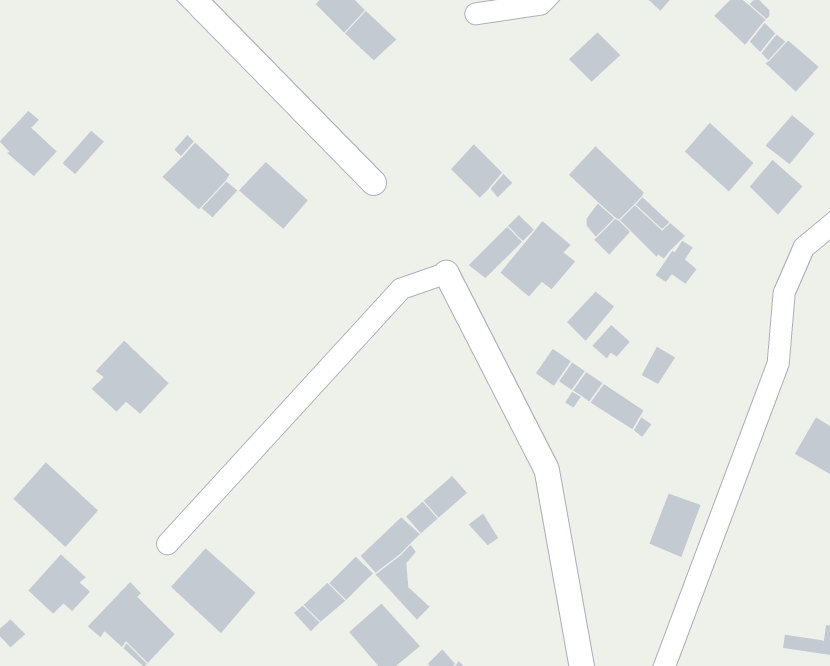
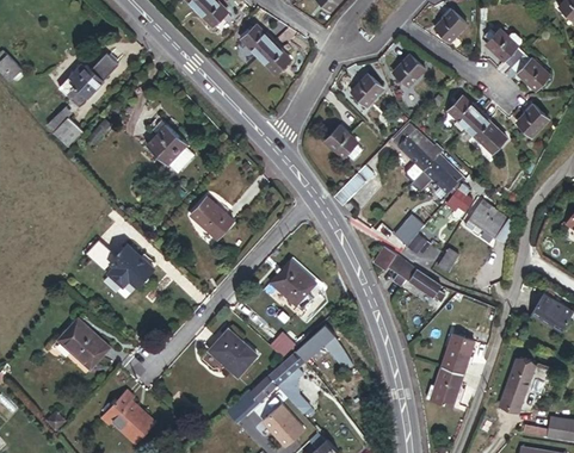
building: none -> [60,49,119,105]
building: none -> [348,74,382,106]
building: [749,159,804,216] -> [446,94,480,129]
building: [238,161,309,230] -> [190,197,233,238]
building: [499,220,576,297] -> none
building: none -> [464,199,508,237]
building: none -> [271,259,317,312]
building: none -> [499,356,536,410]
building: none -> [431,367,463,409]
building: [170,548,256,634] -> [208,327,260,379]
building: [27,554,91,614] -> none

